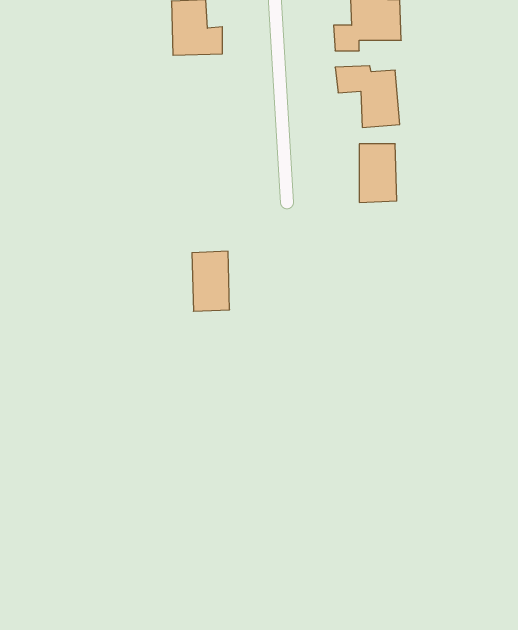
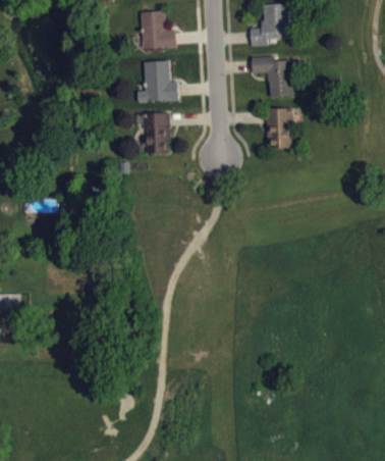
building: none -> [136,62,177,102]
building: [192,251,230,311] -> [144,113,169,154]

